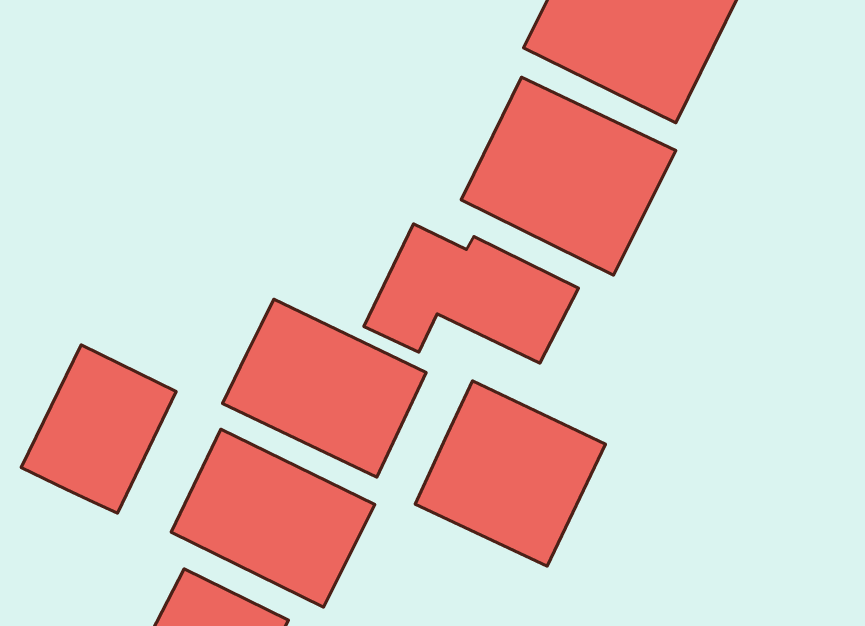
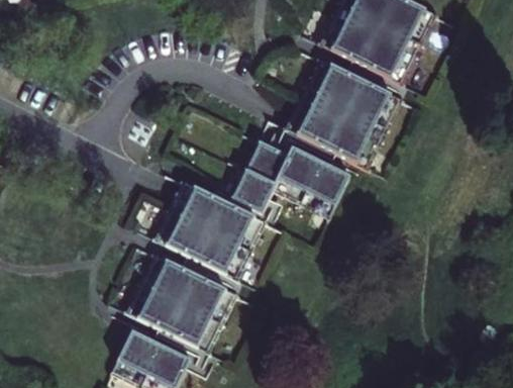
building: [21,345,176,513] -> none
building: [415,381,605,566] -> none

